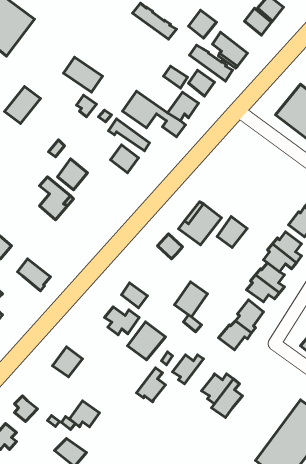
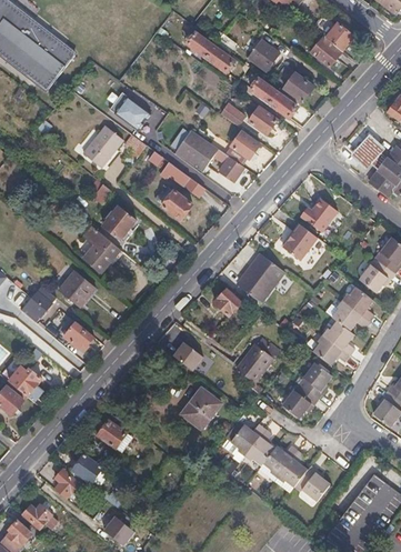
building: [4,86,40,123] -> [82,126,122,167]
building: none -> [301,198,338,231]
building: [217,217,247,248] -> [284,224,318,259]
building: none -> [58,270,96,307]
building: [105,307,139,335] -> none
building: [136,368,165,402] -> [243,428,275,465]
building: none -> [297,464,331,502]
building: [70,401,100,427] -> [69,454,102,483]

